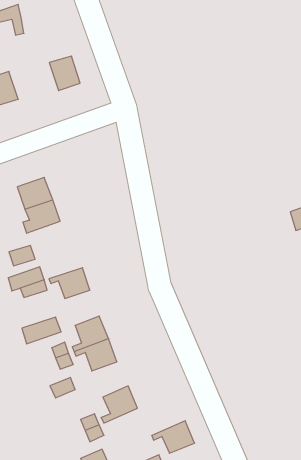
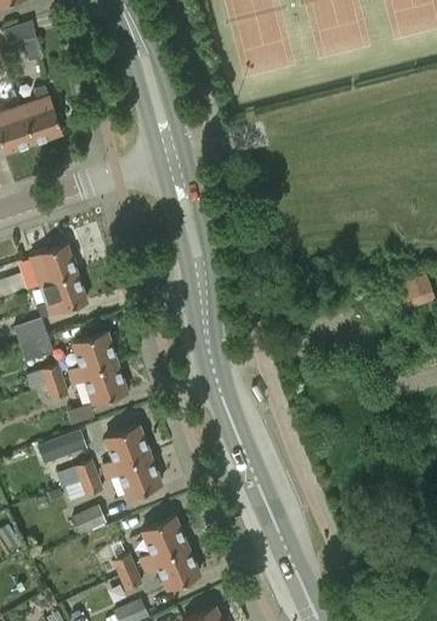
building: [49,56,80,91] -> [19,98,59,143]
building: none -> [69,332,115,377]
building: [152,421,195,453] -> [143,546,199,588]

